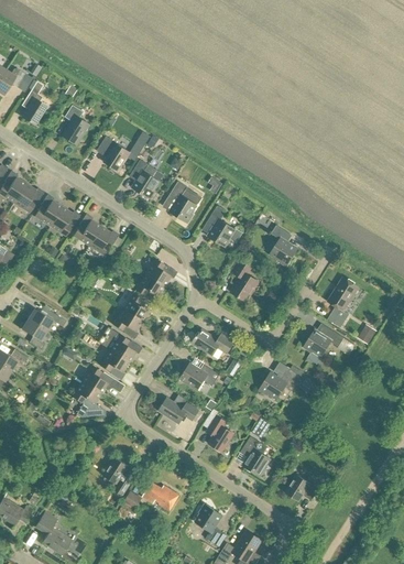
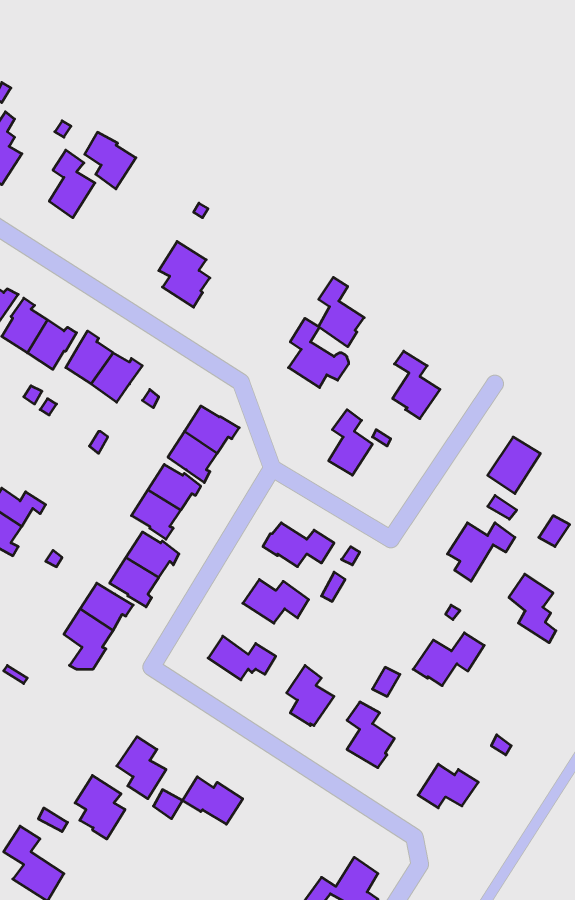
building: [98,135,129,170] -> [85,132,136,189]
building: [170,181,197,223] -> [319,277,364,347]
building: none -> [509,574,556,643]
building: [259,367,302,399] -> [413,633,484,686]
building: none -> [75,775,125,839]
building: [195,502,227,546] -> none

